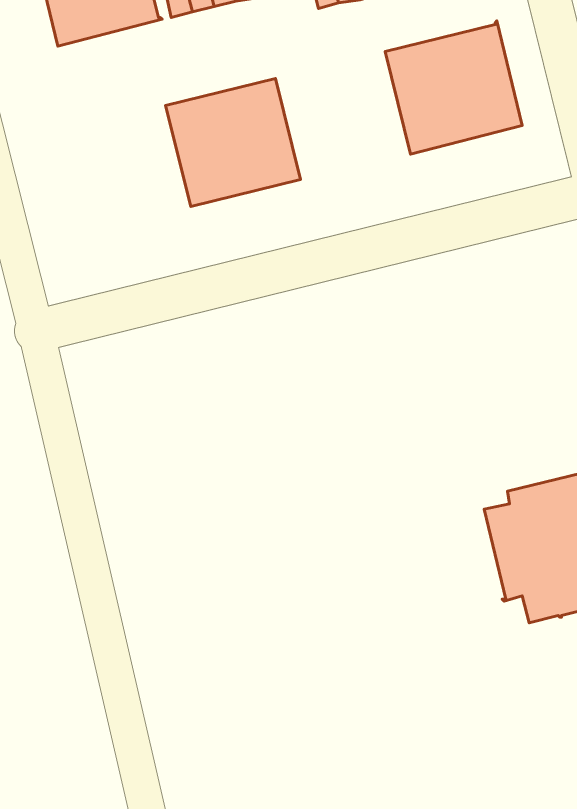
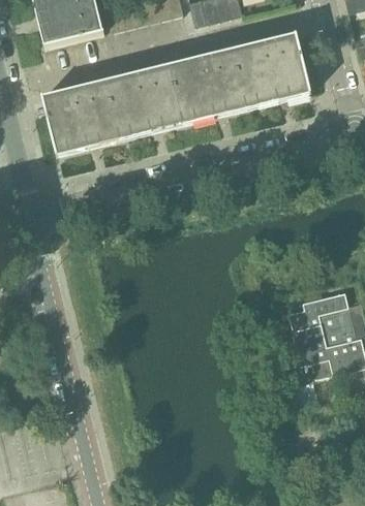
building: none -> [170,50,247,123]
building: none -> [41,81,121,155]

